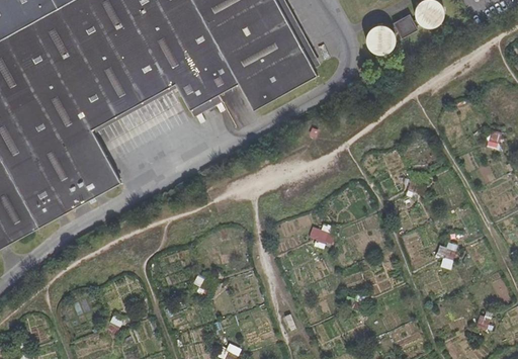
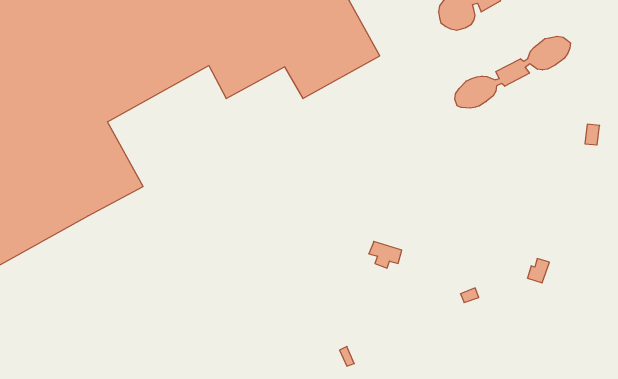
building: none -> [455,36,570,108]

